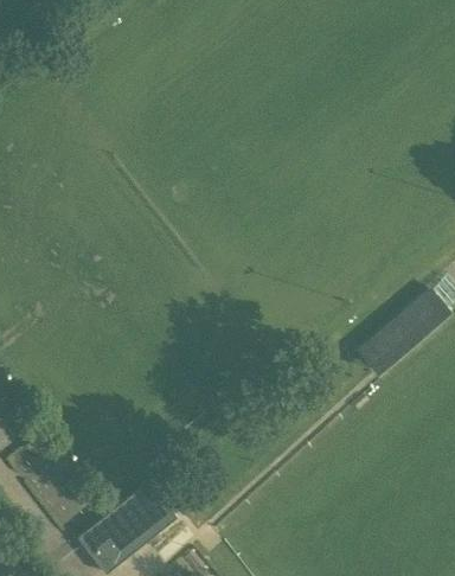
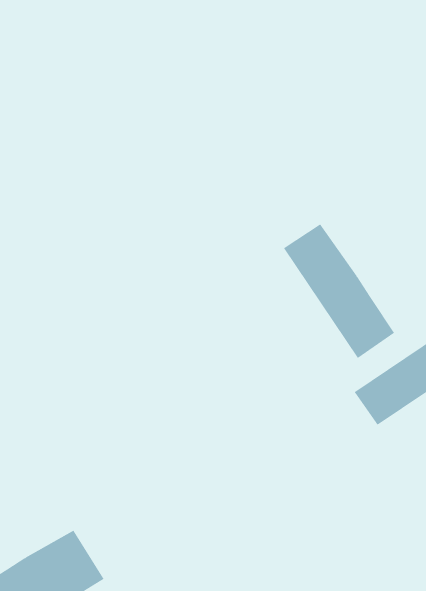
building: none -> [283,224,395,359]

